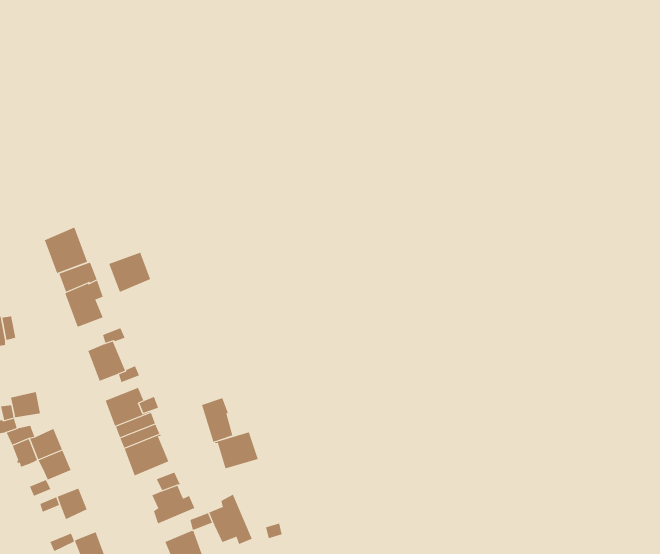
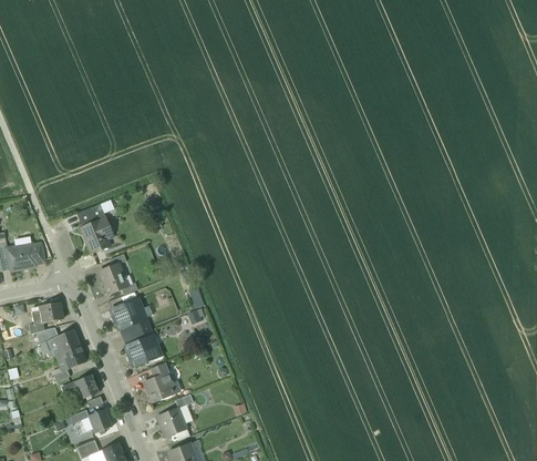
building: [44,227,88,274] -> none
building: [109,252,151,292] -> none
building: [214,431,259,469] -> none
building: [208,494,252,545] -> none

